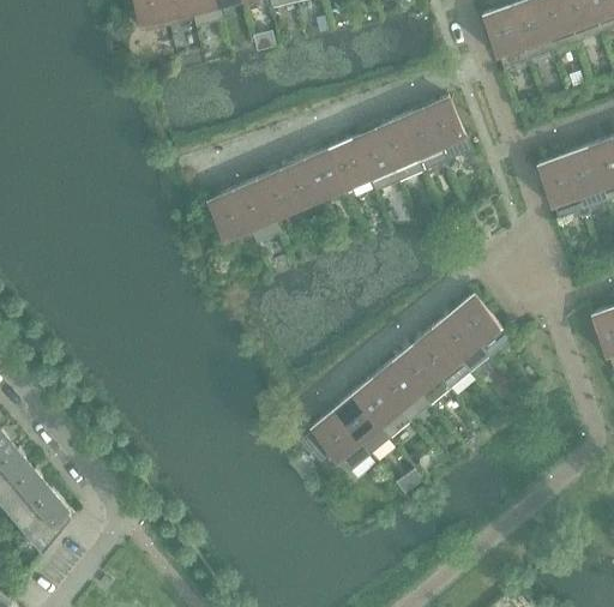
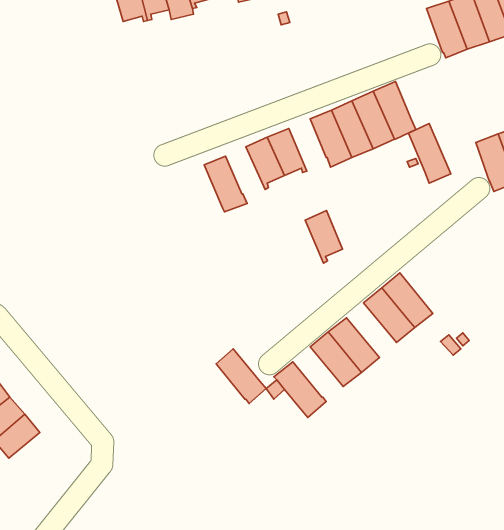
building: [327,137,369,196] -> [305,211,343,263]
building: none -> [408,123,451,183]
building: [257,168,301,221] -> none
building: [207,188,253,242] -> none
building: [452,293,510,355] -> none
building: [392,343,449,404] -> none
building: [332,392,389,453] -> [216,349,266,403]
building: [13,488,71,551] -> none

